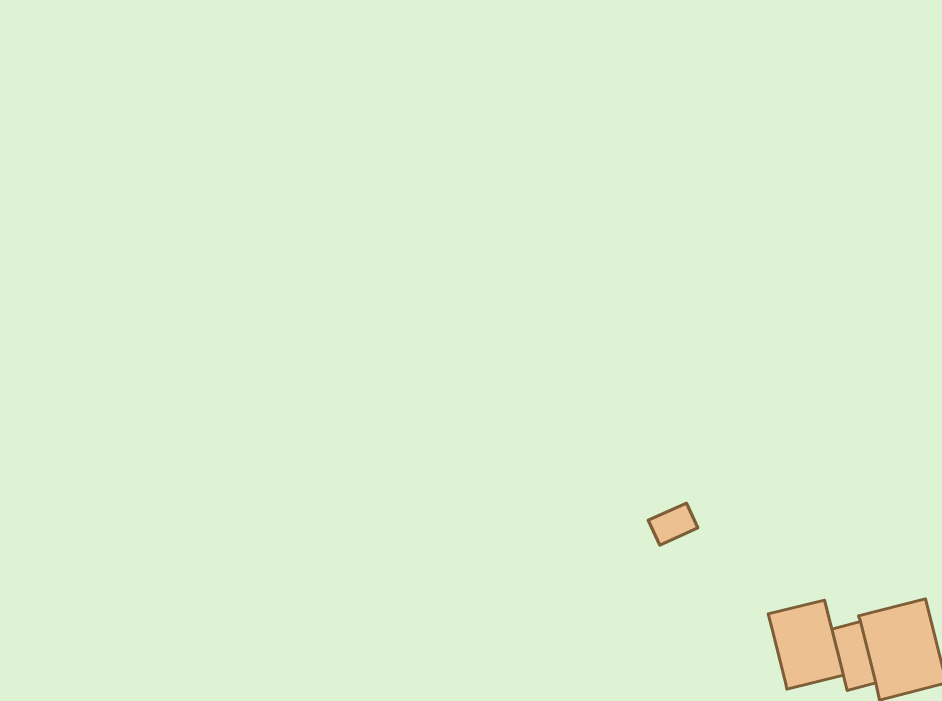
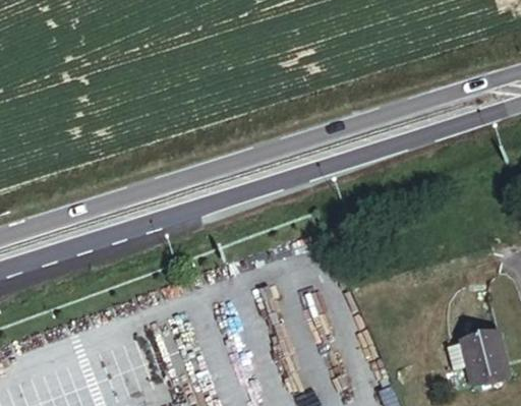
building: [768,600,843,689] -> none

